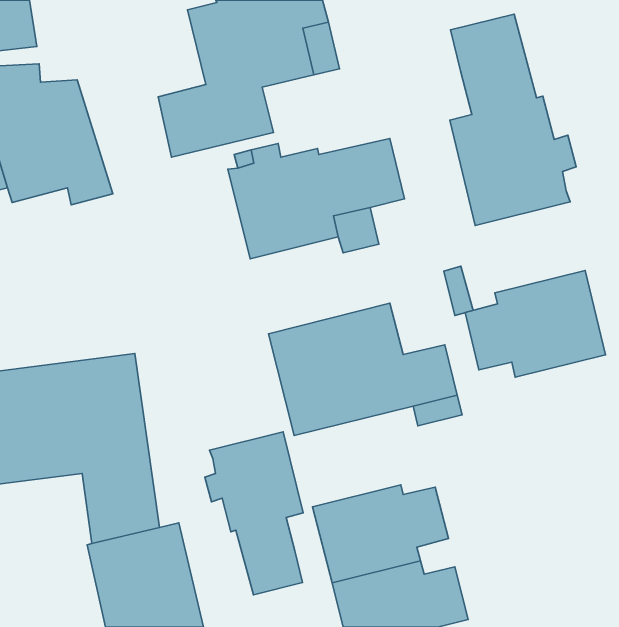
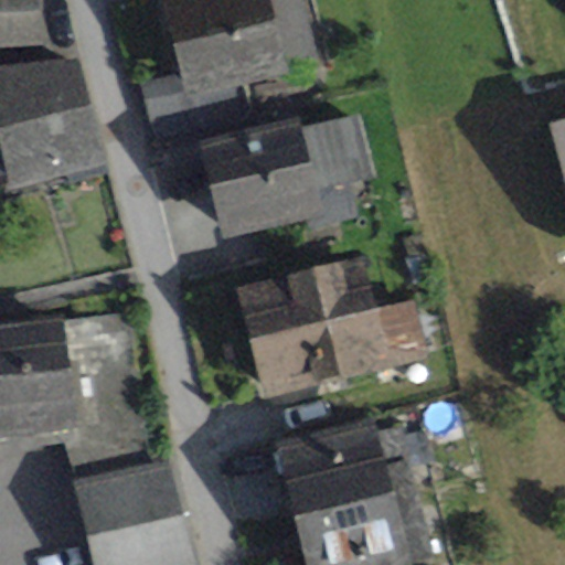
building: [450,14,576,225] -> none
building: [465,270,606,377] -> none
building: [205,432,303,595] -> none

